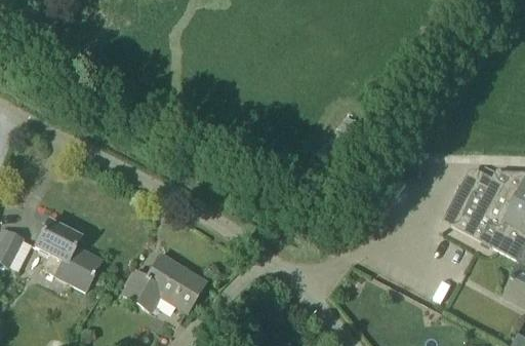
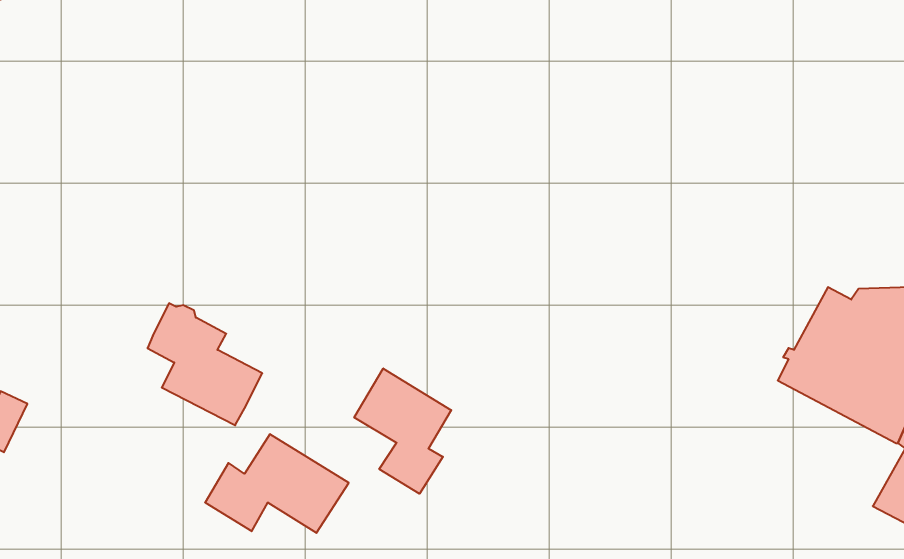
building: none -> [354,368,451,494]
building: [36,220,102,290] -> [147,303,262,425]

